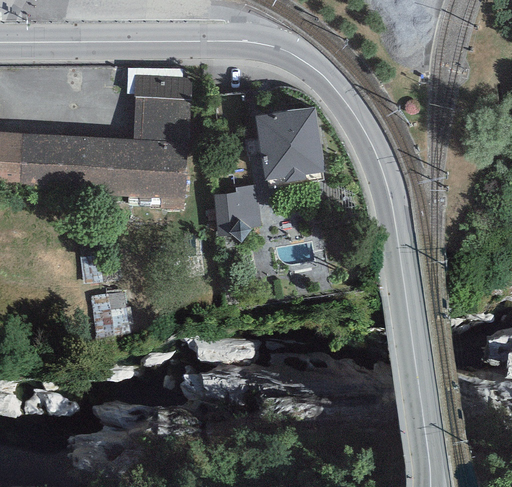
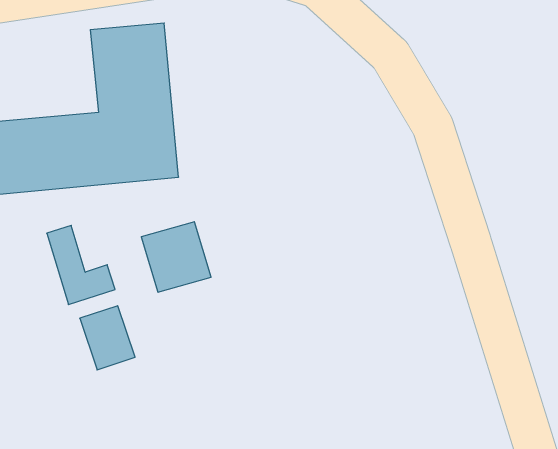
building: [254,106,323,188] -> none
building: [217,189,266,239] -> [141,222,211,292]

